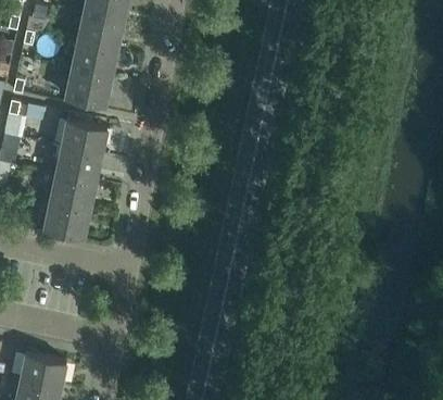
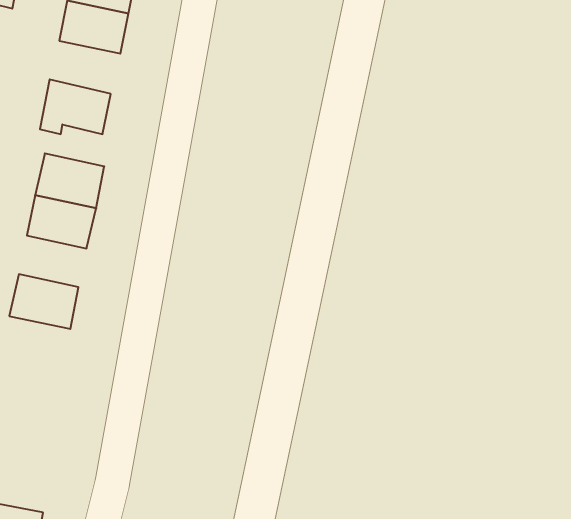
building: [69,42,117,78] -> none
building: [49,174,94,209] -> none

